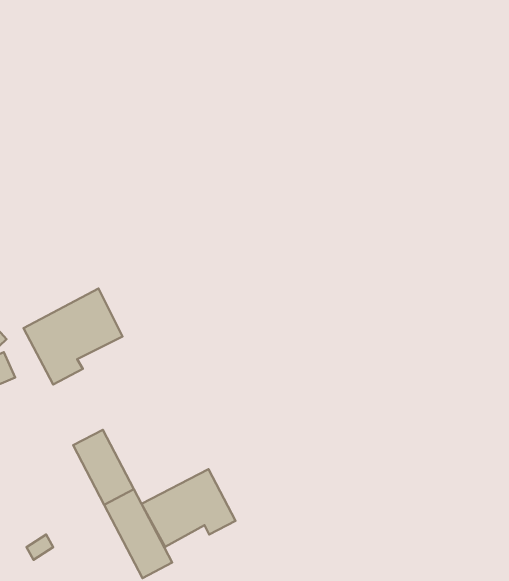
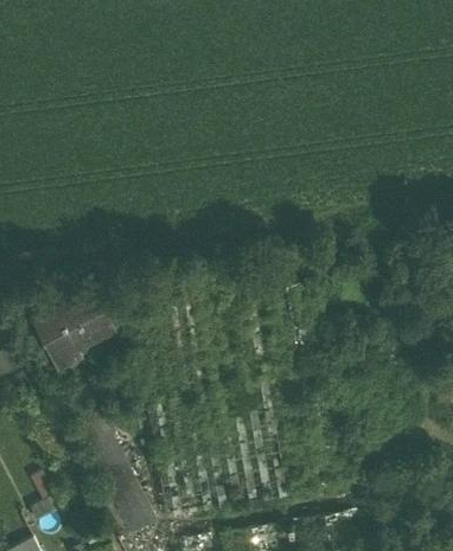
building: [142,469,235,547] -> none

